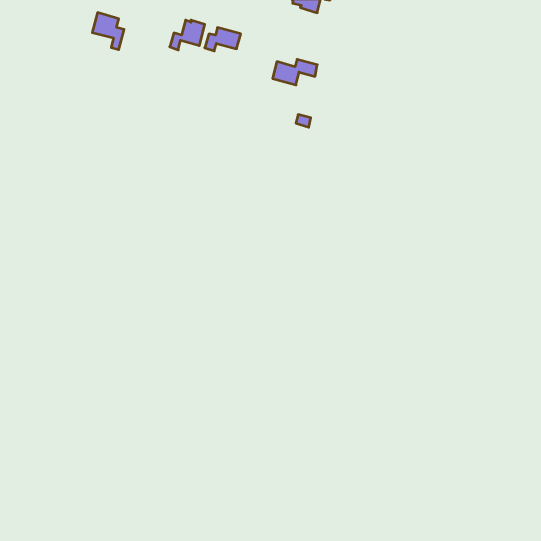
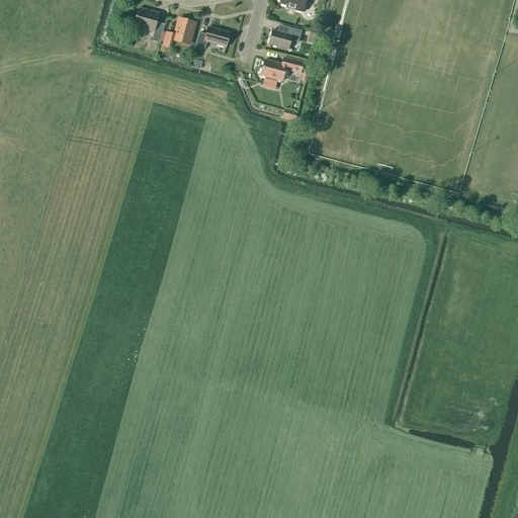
building: [92,13,124,50] -> [135,7,165,42]
building: none -> [269,27,303,49]

